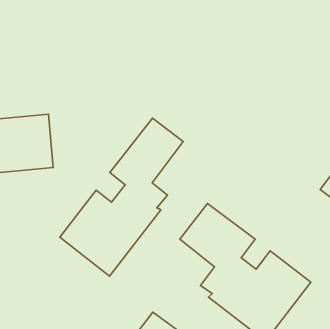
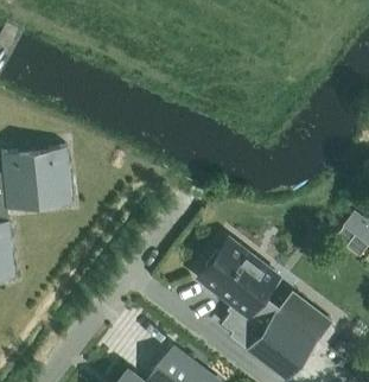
building: [60,118,183,276] -> none

